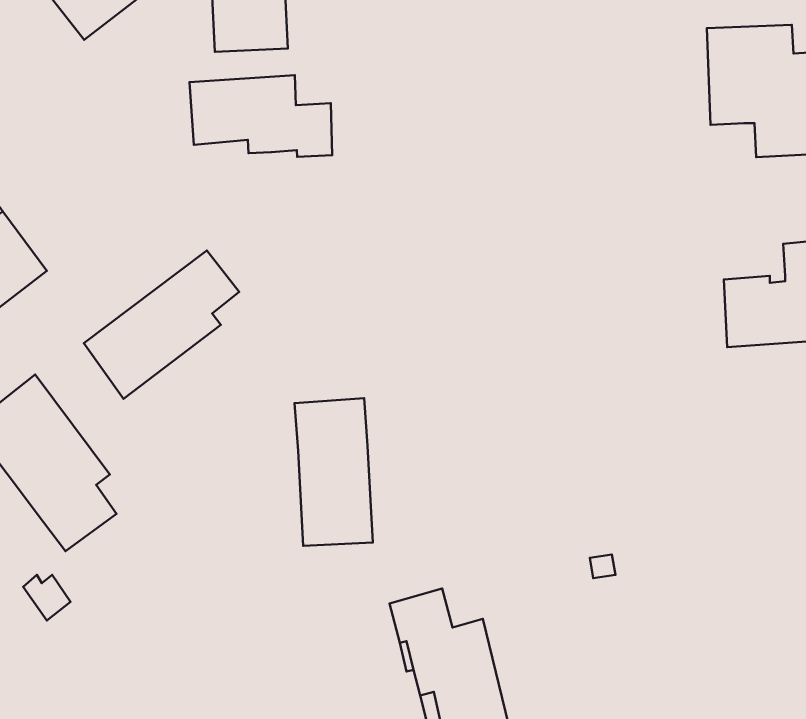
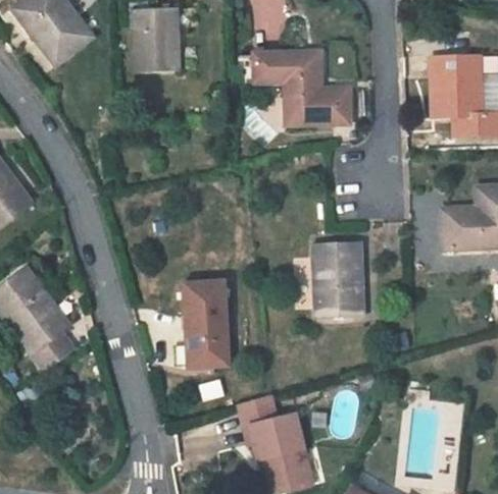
building: none -> [254,51,351,124]
building: [190,75,332,157] -> none
building: [84,250,239,399] -> none
building: none -> [312,241,364,317]

